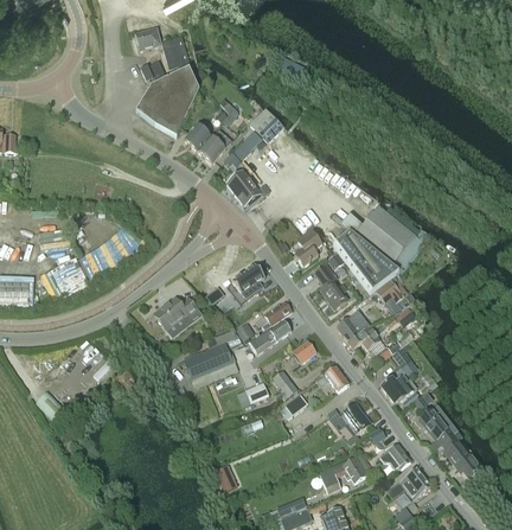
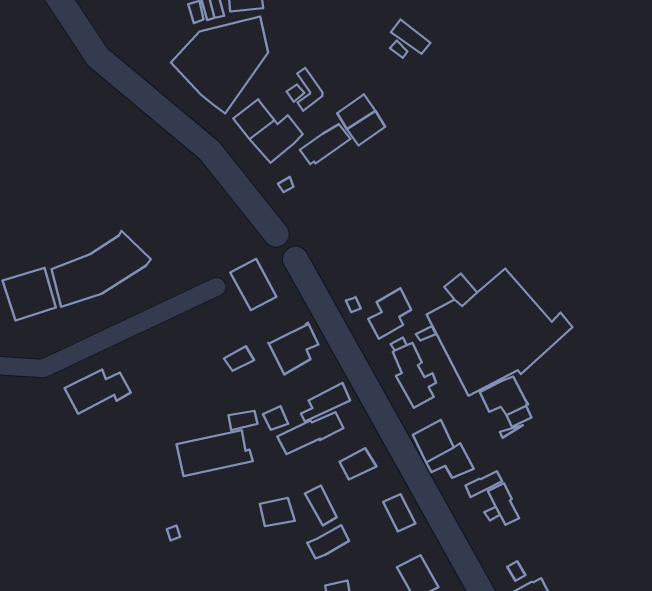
building: [226,171,260,205] -> [230,259,277,310]
building: [153,298,197,330] -> [65,369,131,414]
building: [380,375,414,403] -> none

